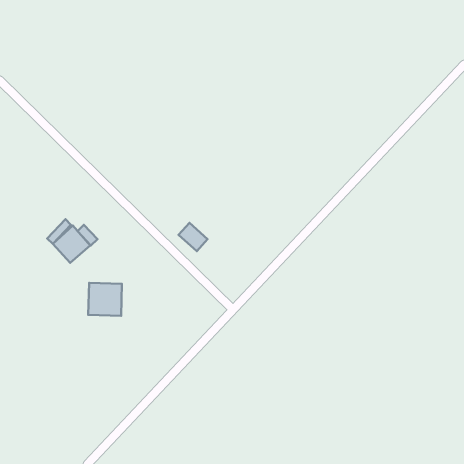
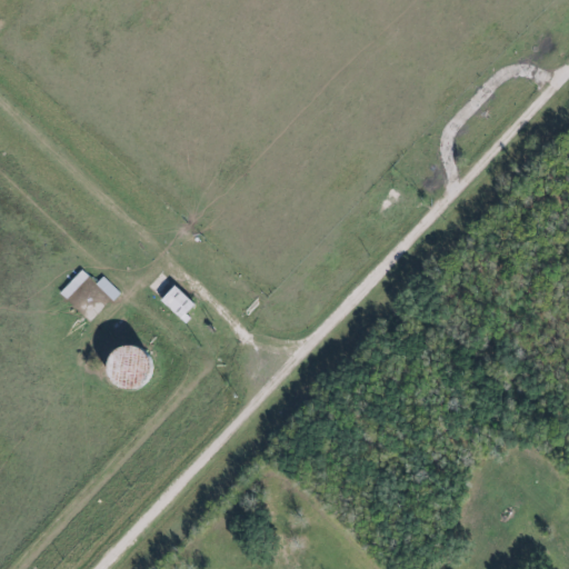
building: [179,223,208,251] -> [159,284,194,319]

